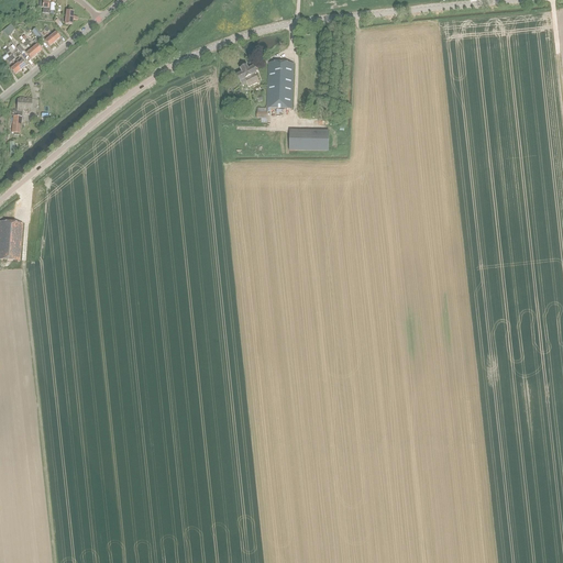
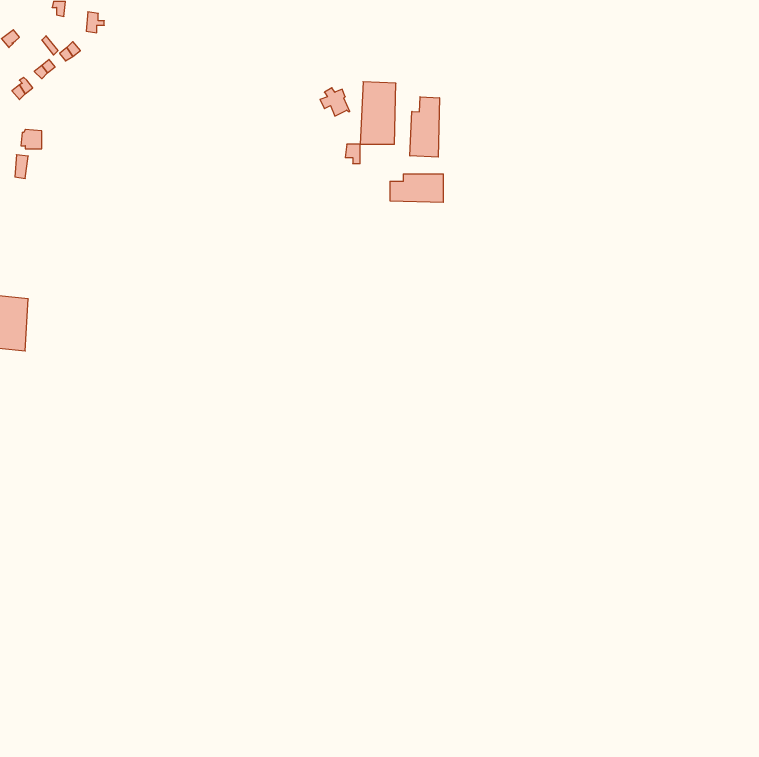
building: none -> [410,97,439,157]

